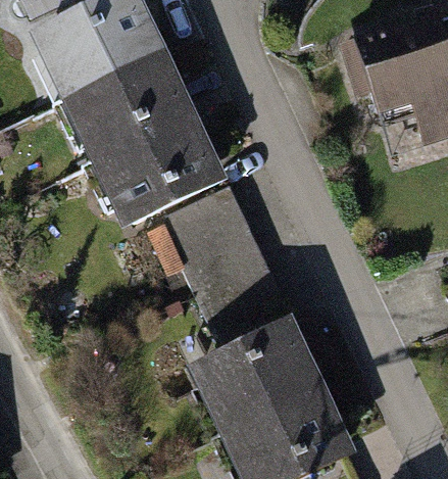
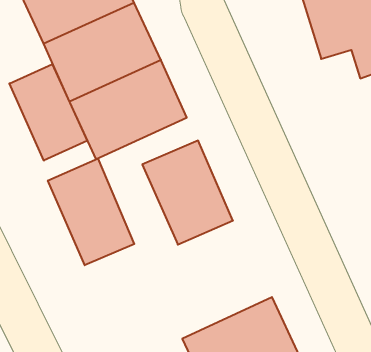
building: none -> [9,64,87,161]
building: none -> [48,158,134,265]
building: [187,319,322,435] -> none

